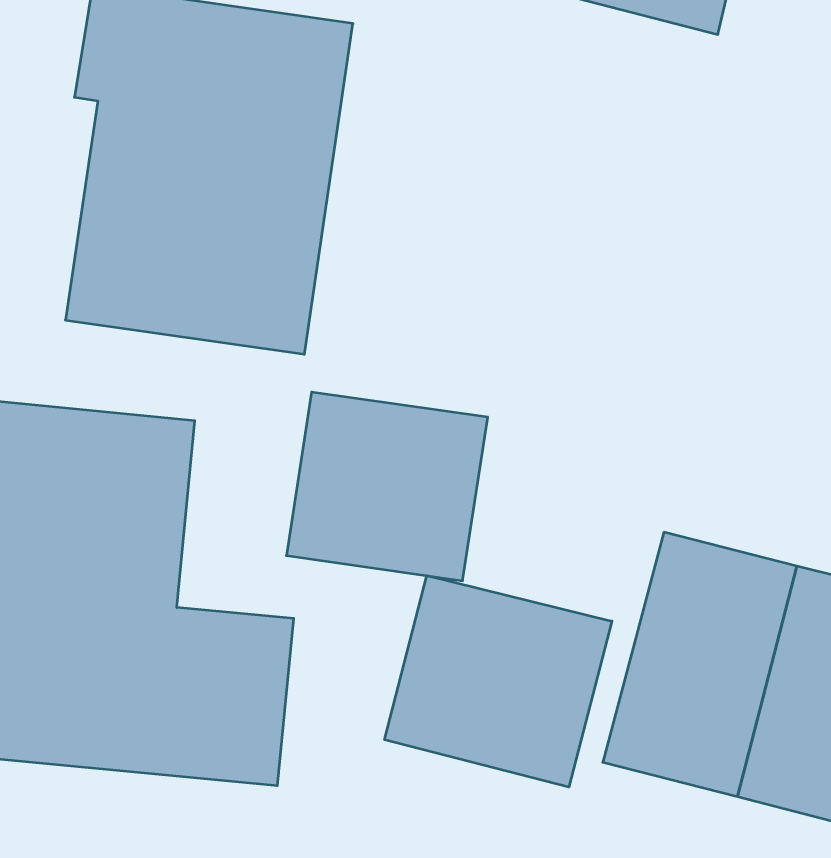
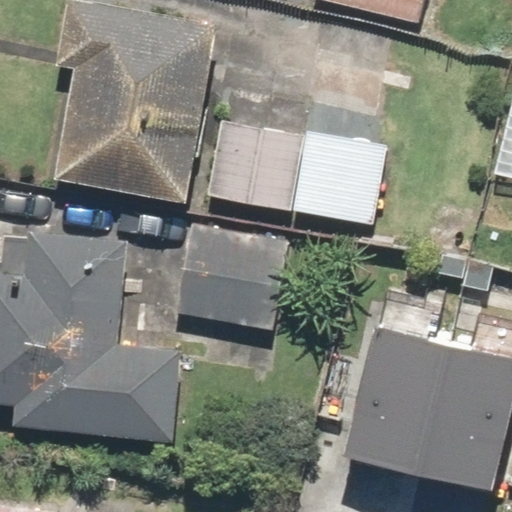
building: none -> [208,118,387,228]
building: [385,576,612,787] -> none

